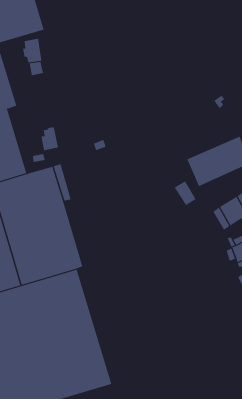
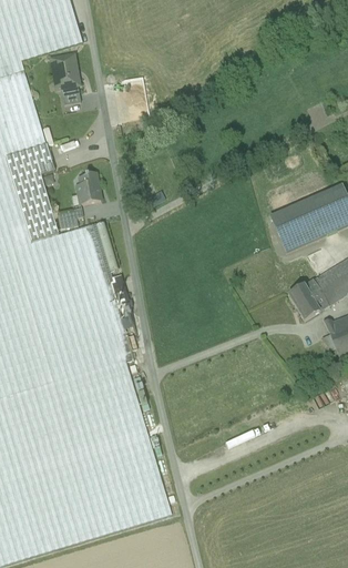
building: [174,181,196,206] -> [290,285,320,318]

